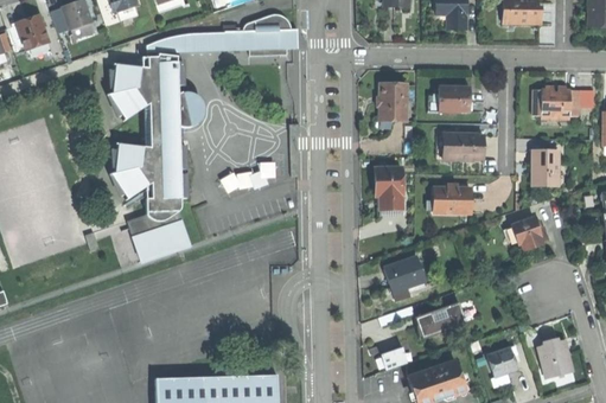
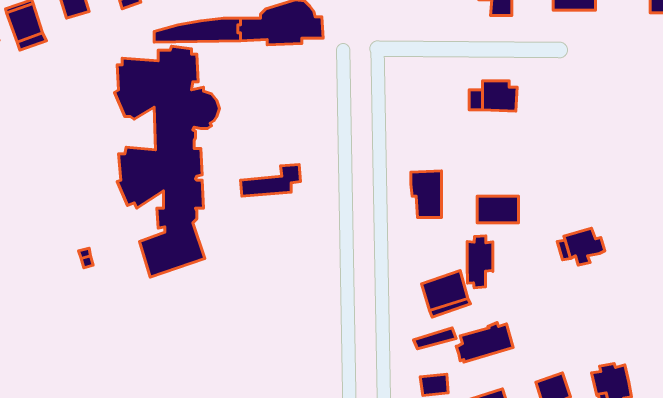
building: [379,83,406,120] -> none
building: [531,87,578,117] -> none
building: [441,133,483,160] -> none
building: [531,149,557,185] -> none
building: none -> [467,236,493,288]

